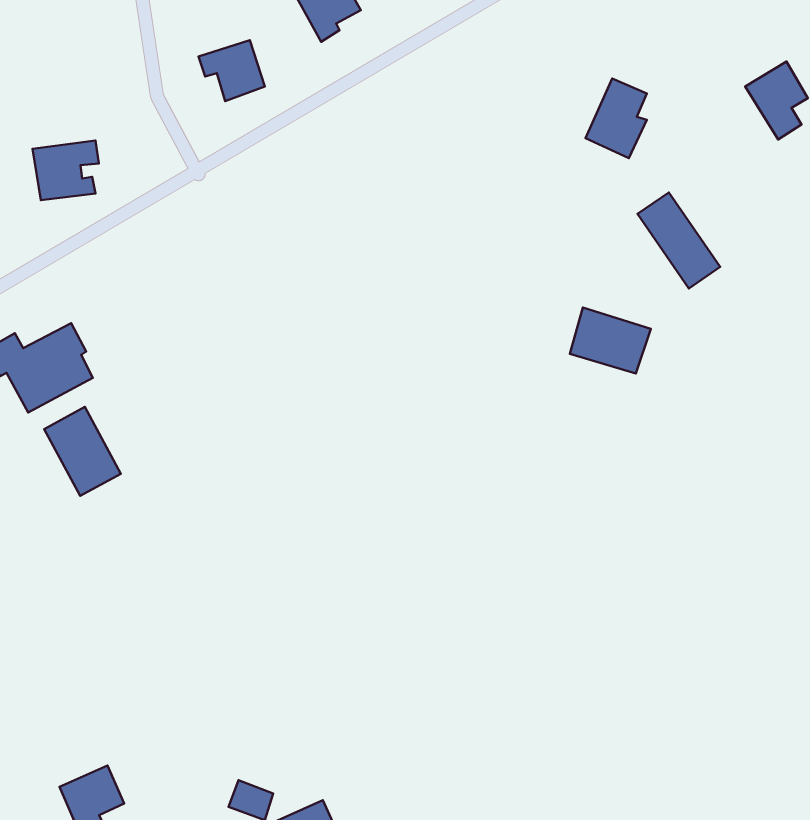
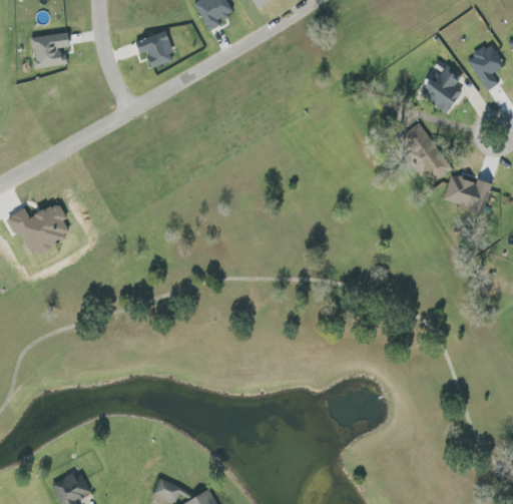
building: [586,79,647,158] -> [424,64,461,112]
building: [33,140,99,200] -> [29,32,69,68]
building: [570,307,651,374] -> [443,172,492,212]
building: [44,407,121,496] -> none

